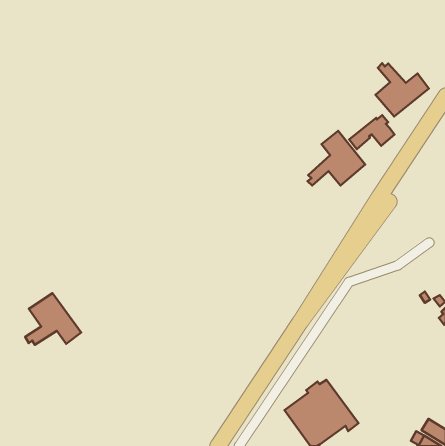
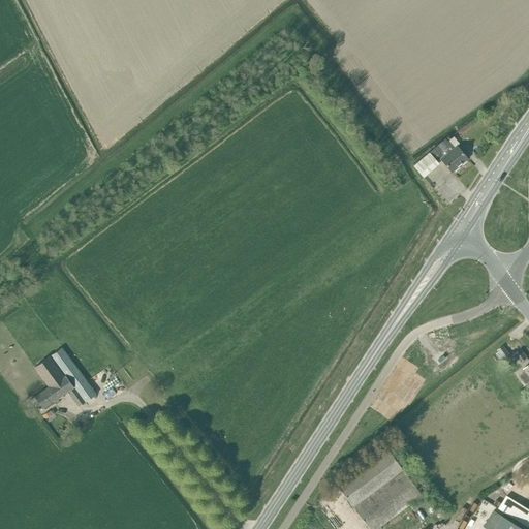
building: [375,63,429,116] -> none
building: [307,131,365,186] -> none

